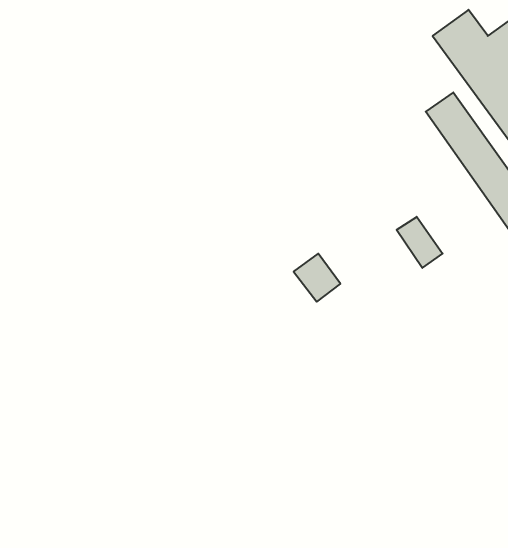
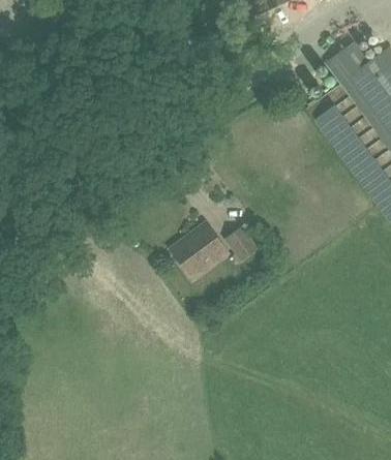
building: [397,217,443,268] -> none
building: none -> [172,223,228,277]

